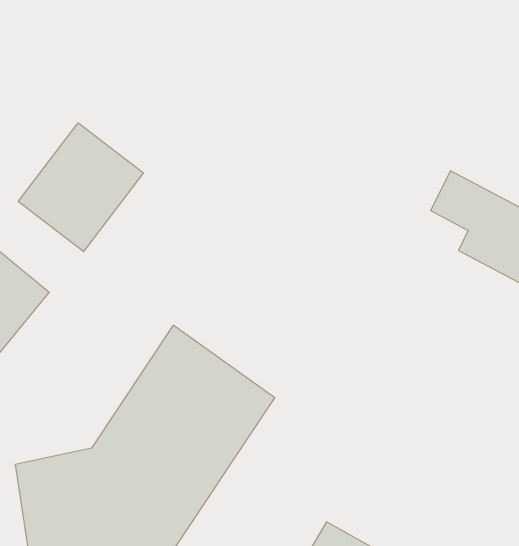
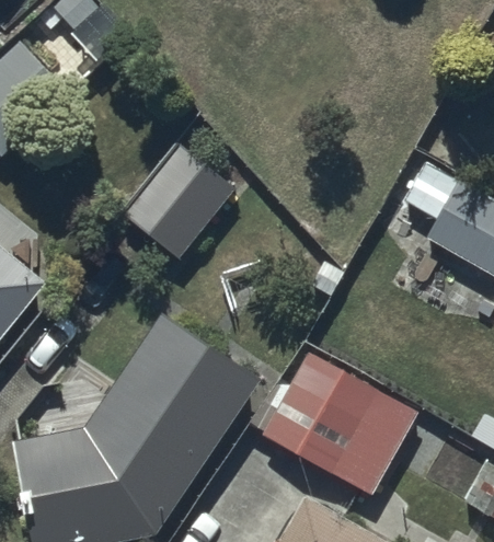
building: [18,123,143,252] -> [117,141,234,262]
building: none -> [263,354,415,495]

